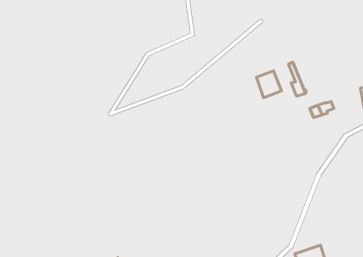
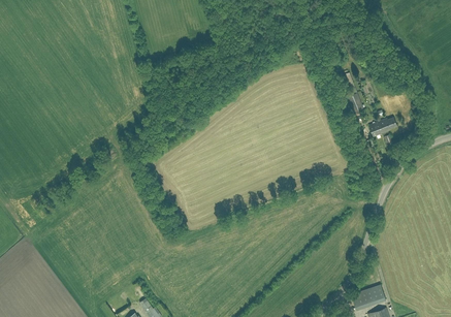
building: [256,71,281,98] -> none

